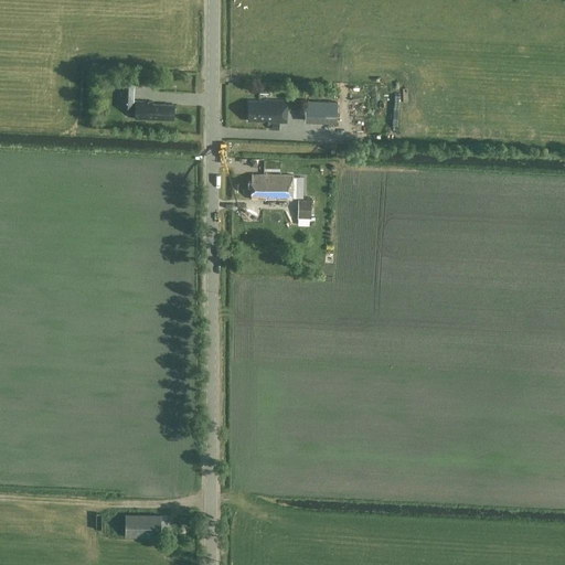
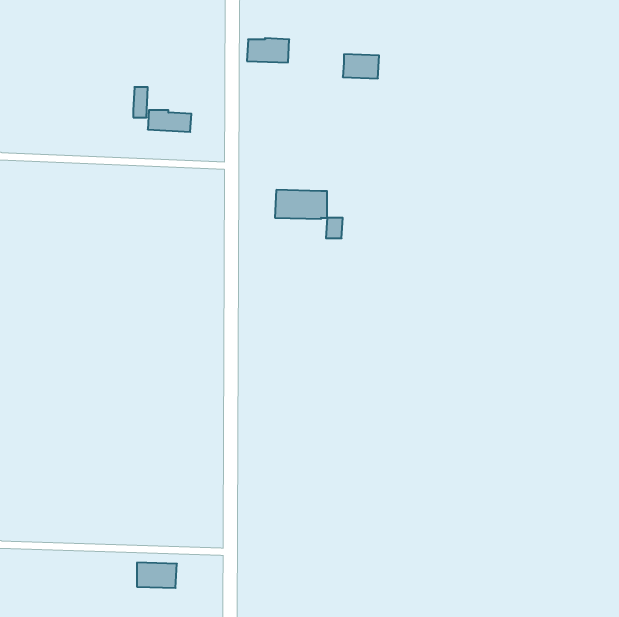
building: [248,99,287,121] -> [247,38,289,62]
building: [305,100,338,122] -> [343,54,379,78]

